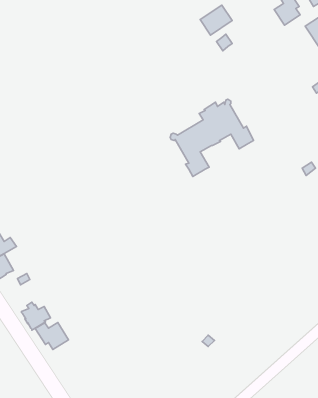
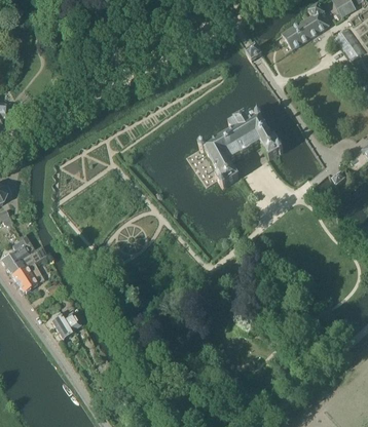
building: [200,5,232,35] -> [282,21,314,50]
building: [35,322,68,349] -> none

